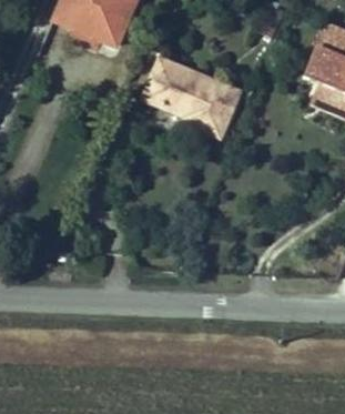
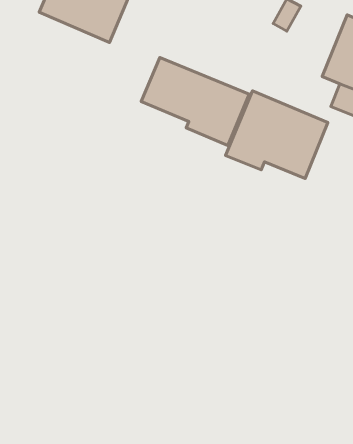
building: none -> [226,91,328,178]

